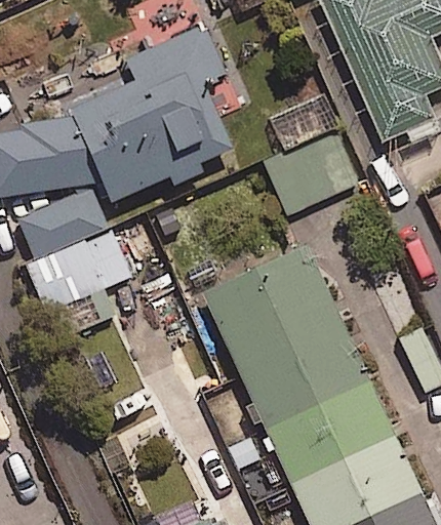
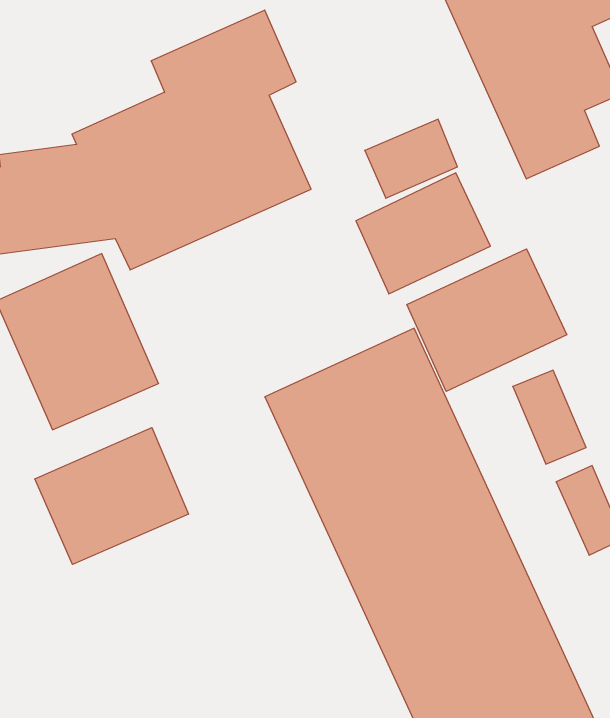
building: none -> [407,249,567,391]
building: none -> [35,428,188,564]

